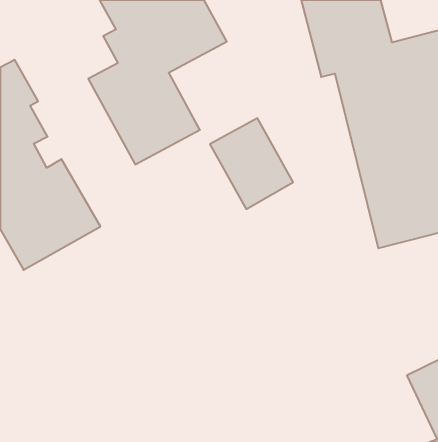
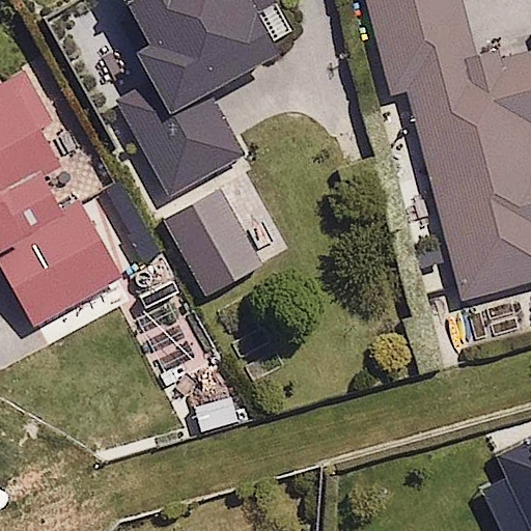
building: [210,118,293,209] -> [165,189,264,298]

